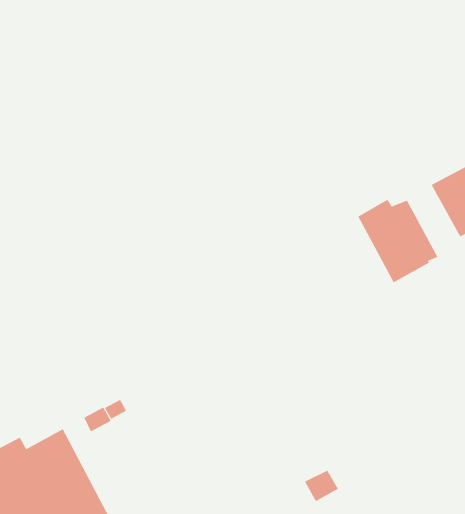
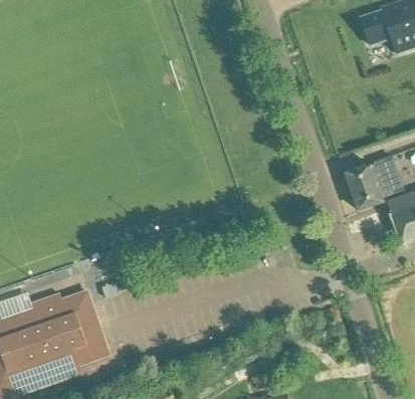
building: [358,199,438,283] -> none

